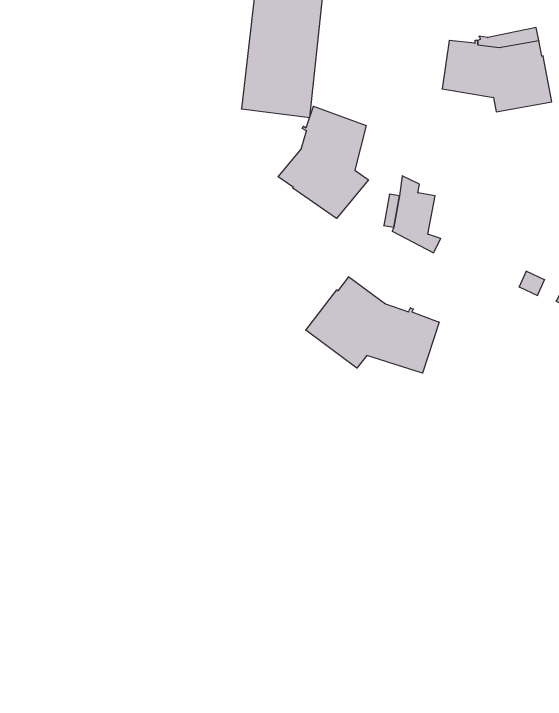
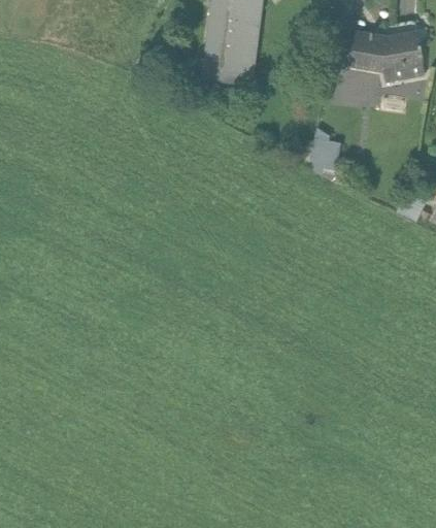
building: [278,106,369,218] -> none
building: [306,277,439,373] -> none

